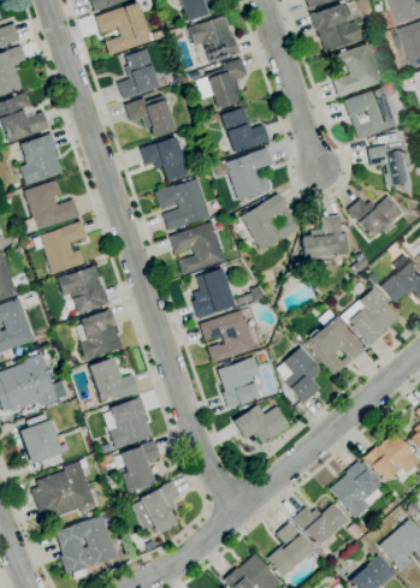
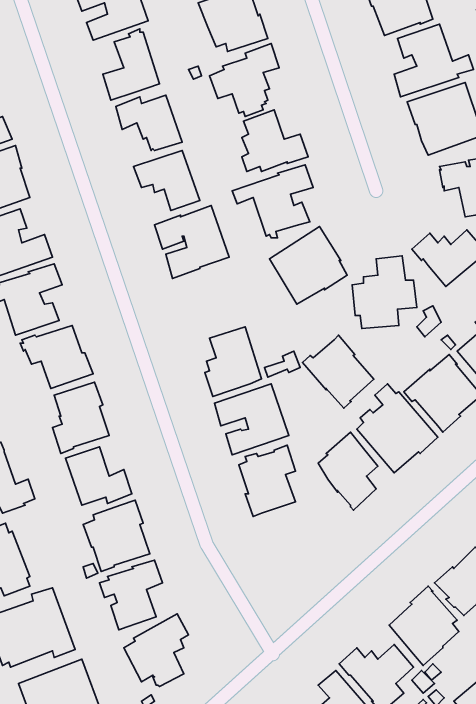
building: [170,221,225,275] -> none
building: none -> [303,335,374,408]
building: [232,404,290,445] -> none

